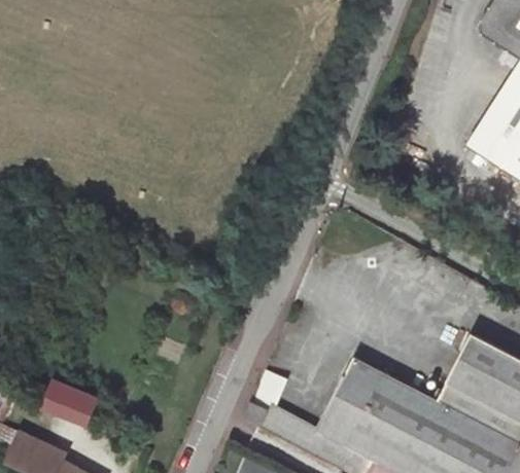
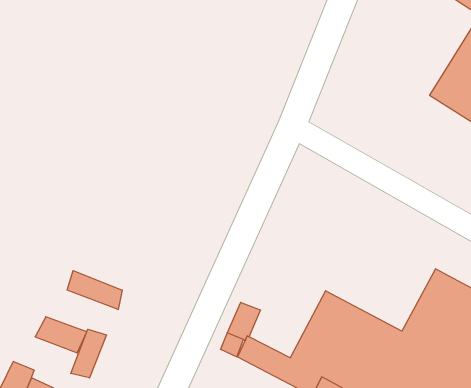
building: none -> [67,271,122,310]
building: none -> [71,329,107,378]

